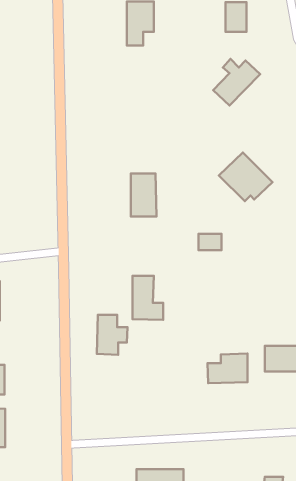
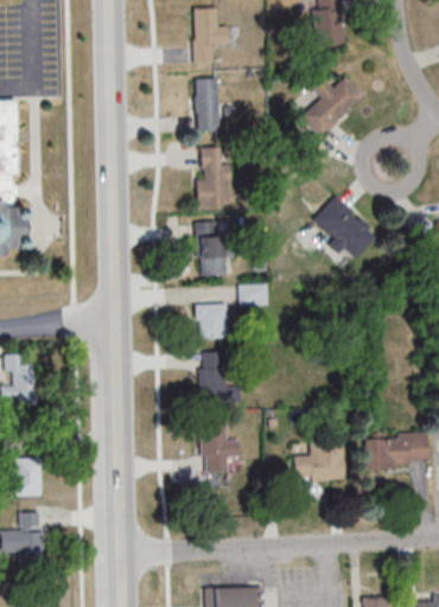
building: none -> [196,78,220,132]
building: none -> [198,148,230,206]
building: [198,234,221,250] -> [240,285,268,305]
building: none -> [197,304,228,339]
building: [97,315,128,355] -> [202,423,240,473]

